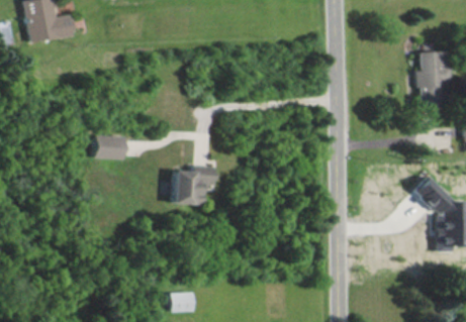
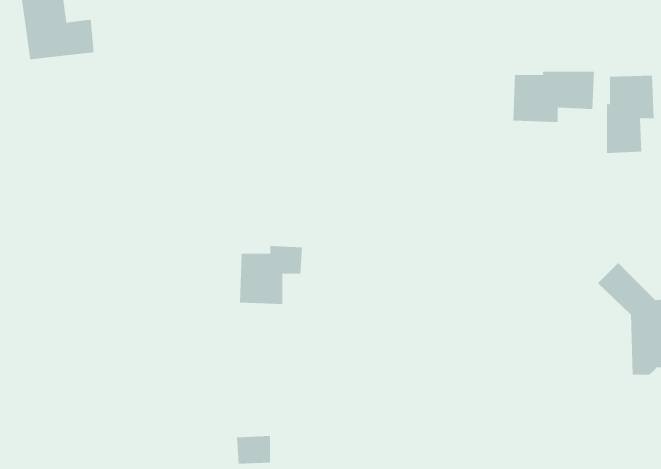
building: none -> [513,71,594,123]
building: [93,135,123,159] -> none

